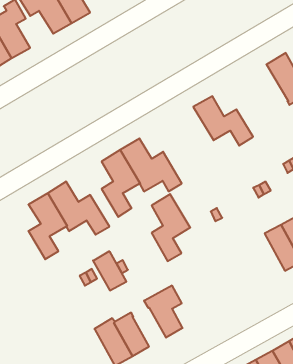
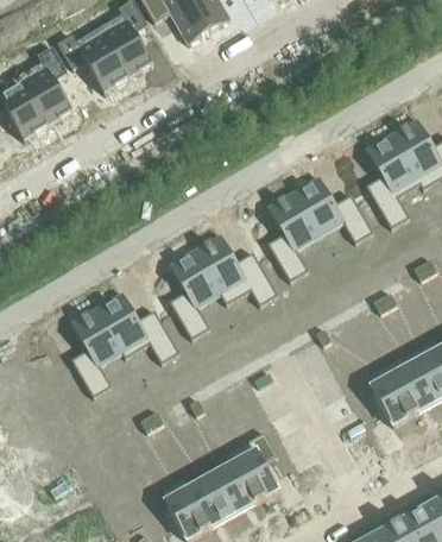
building: none -> [367,134,422,228]
building: [152,194,190,261] -> [269,191,321,282]
building: none -> [366,363,417,426]
building: [93,252,126,290] -> [211,462,257,515]

